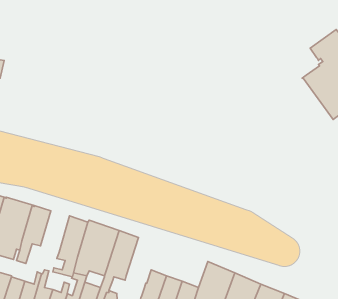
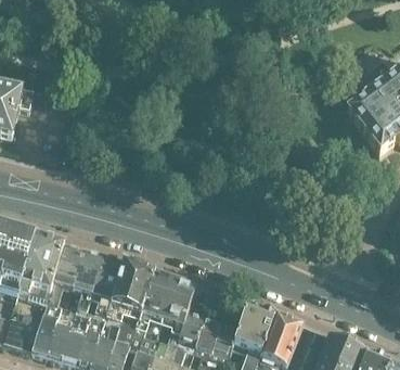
building: none -> [73,252,103,316]
building: none -> [162,280,196,334]

